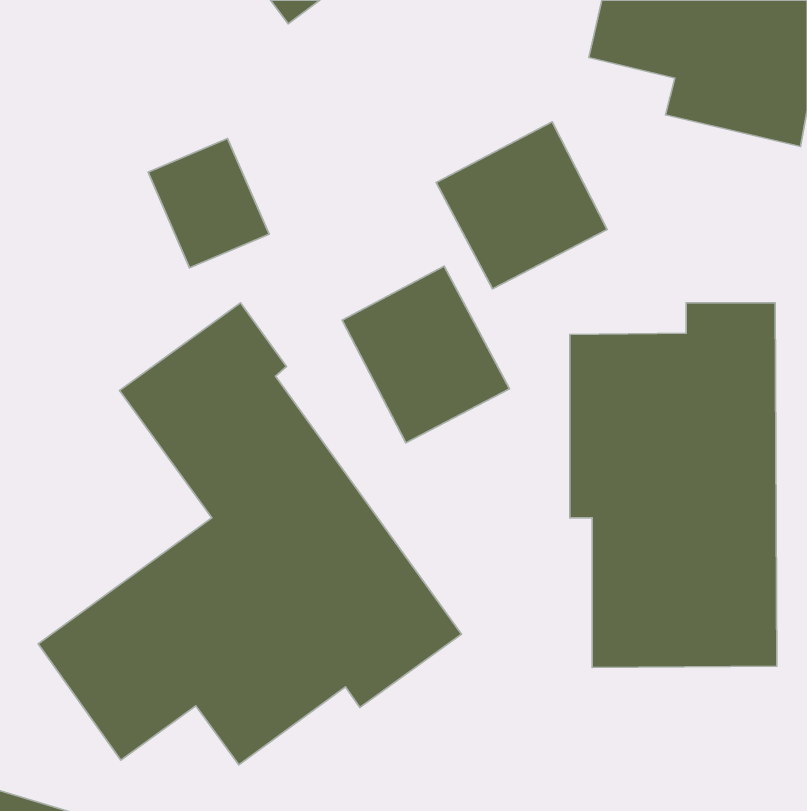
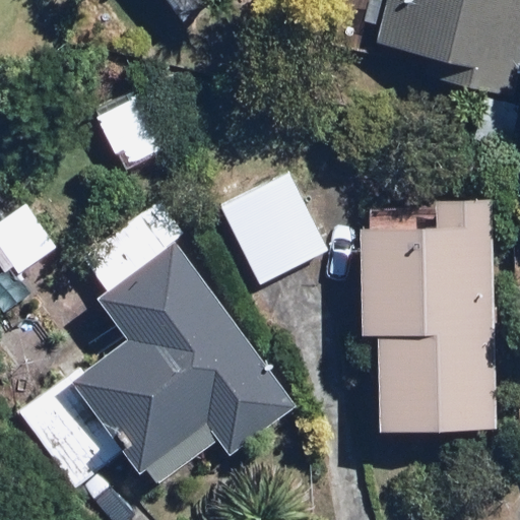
building: [436,122,607,289] -> none

